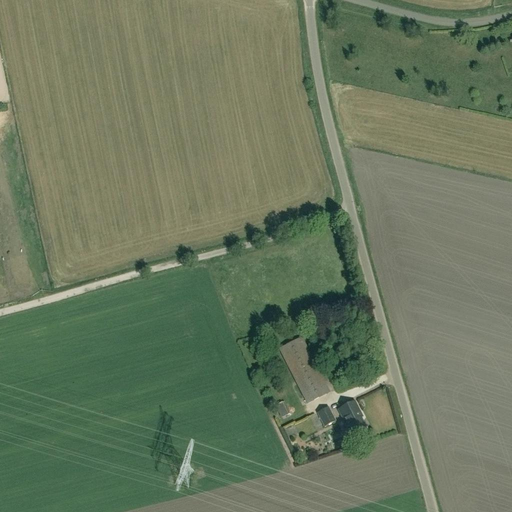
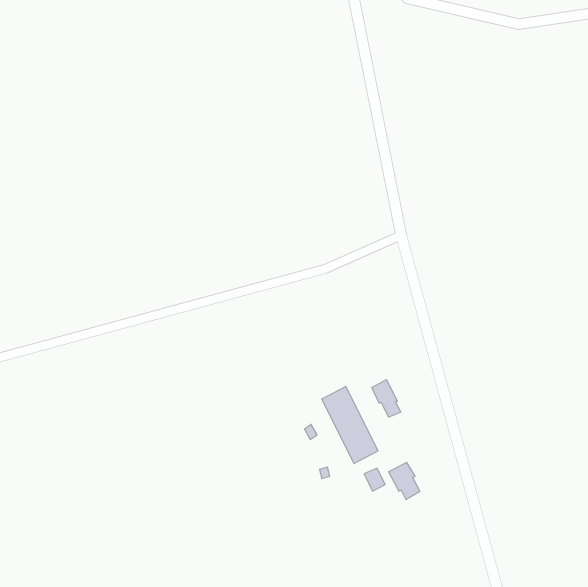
building: none -> [372,380,401,417]

